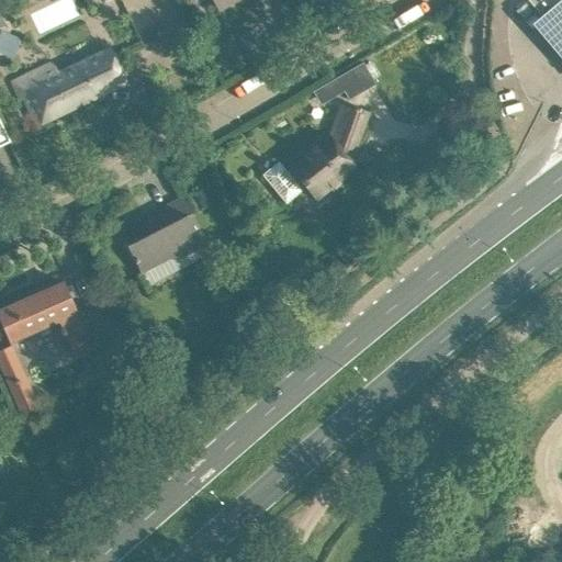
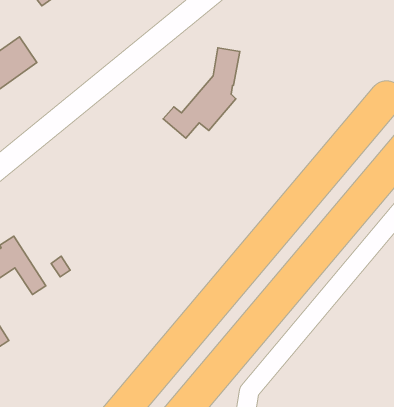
building: [317,61,375,101] -> none
building: [127,194,204,272] -> none

